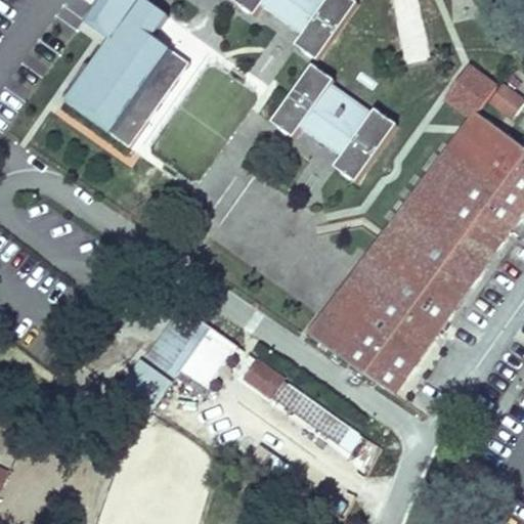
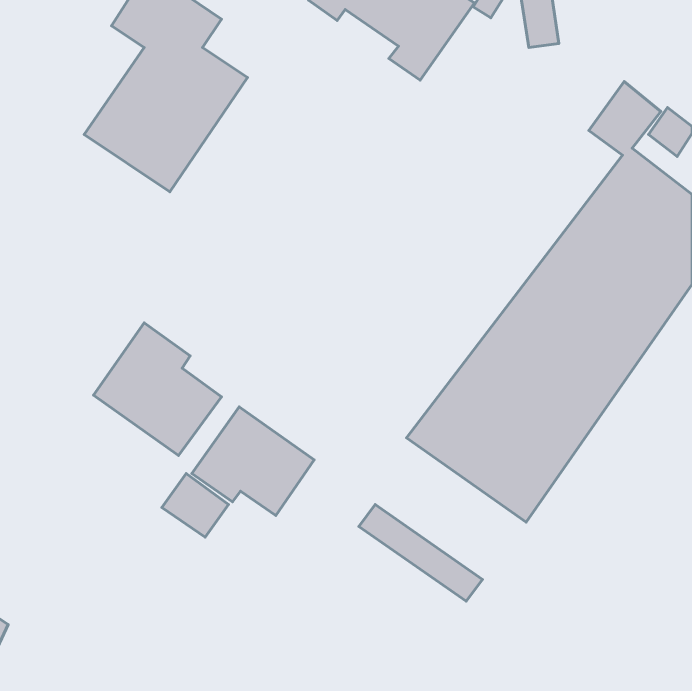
building: [270,63,398,182] -> none
building: none -> [93,323,222,456]
building: [241,357,285,398] -> none

